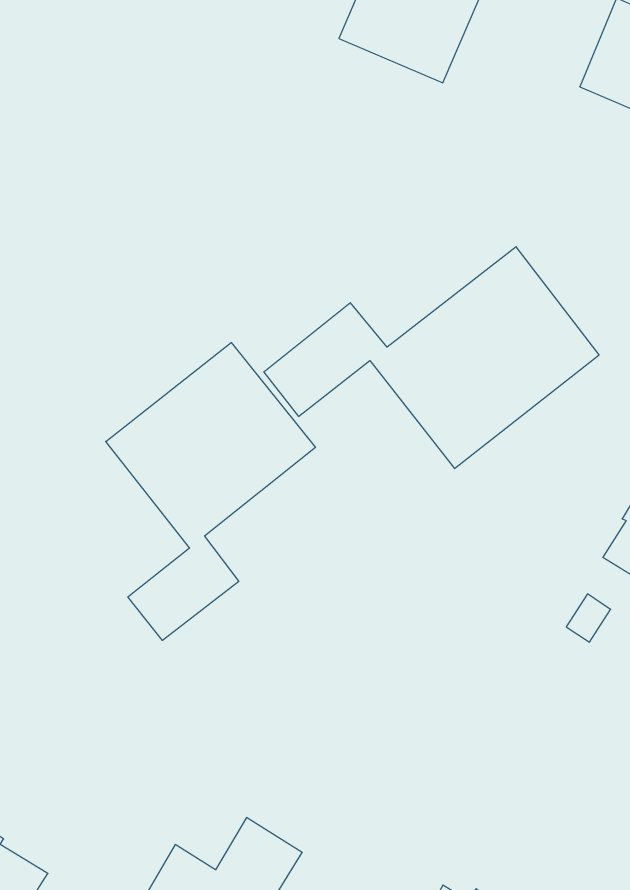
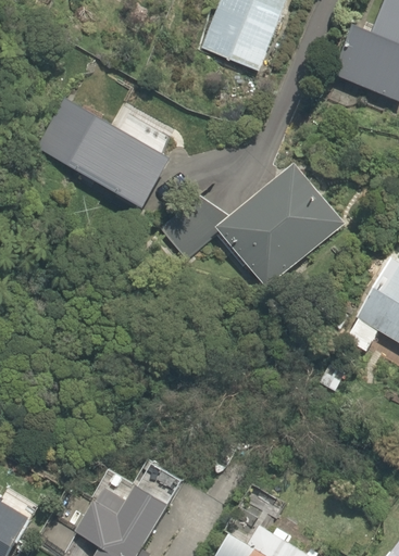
building: none -> [34,96,170,207]
building: [106,343,315,640] -> none

